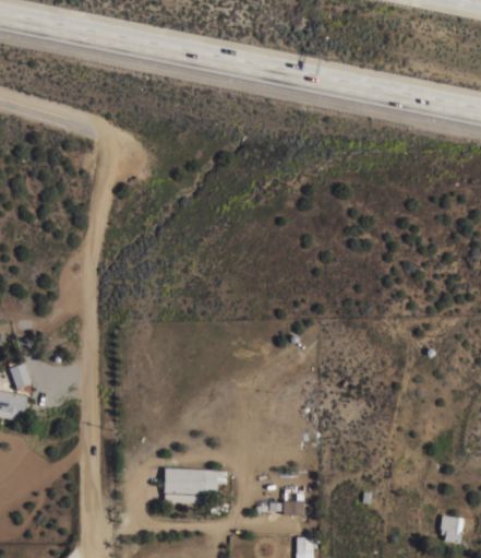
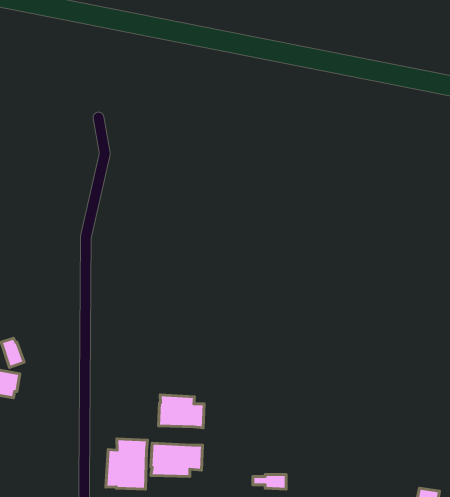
building: none -> [158,395,204,428]
building: none -> [106,439,148,489]

